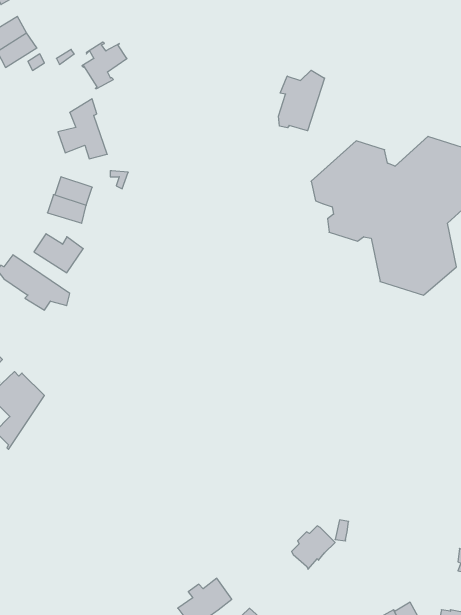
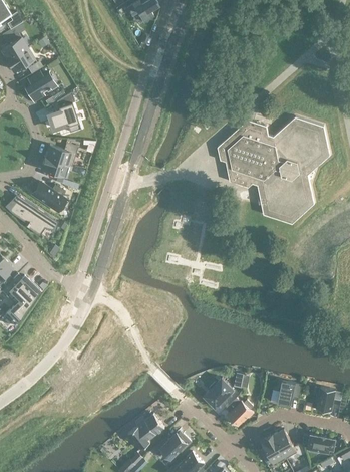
building: [82,42,127,88] -> [23,72,53,103]
building: [278,70,325,131] -> none
building: none -> [277,381,301,406]
building: none -> [226,398,253,427]

